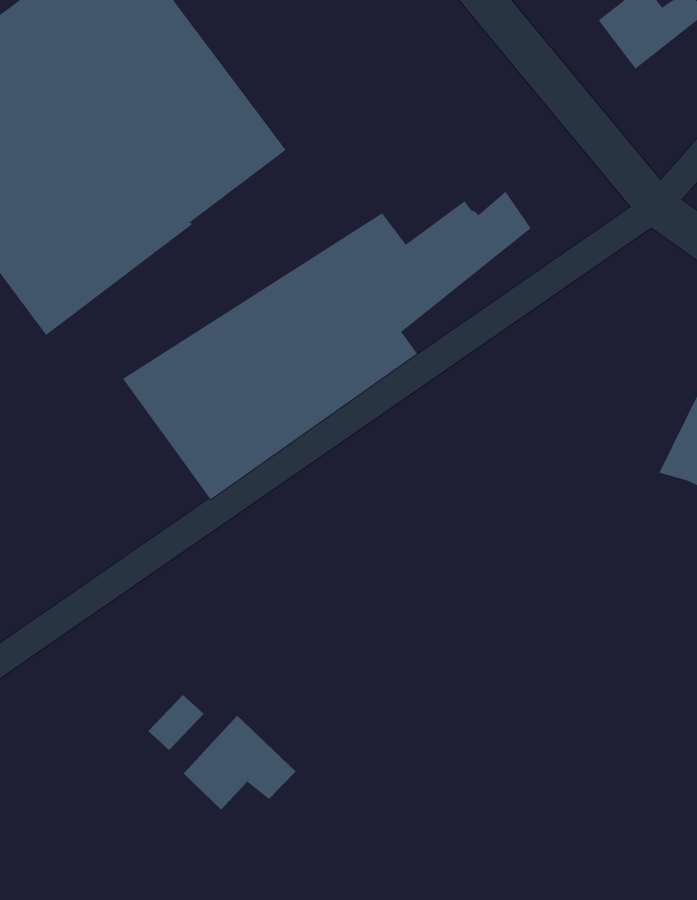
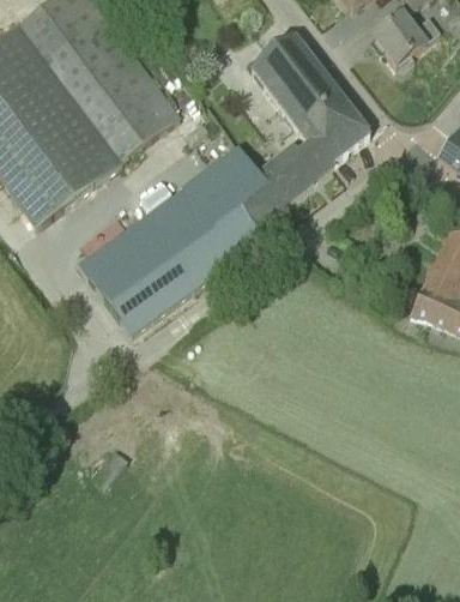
building: none -> [252,36,369,162]
building: [183,715,297,810] -> none

